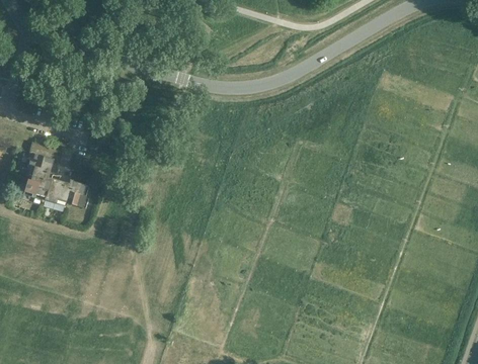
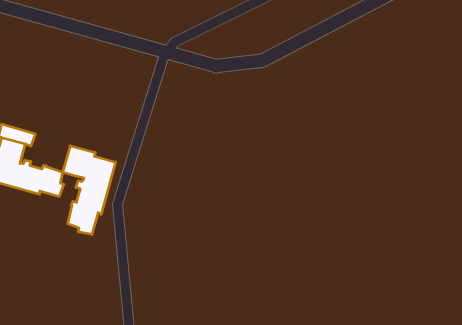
building: none -> [63,146,116,235]

